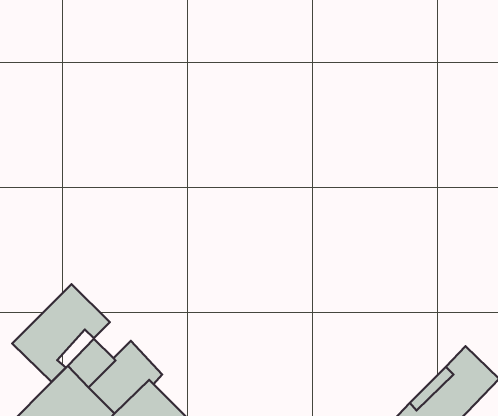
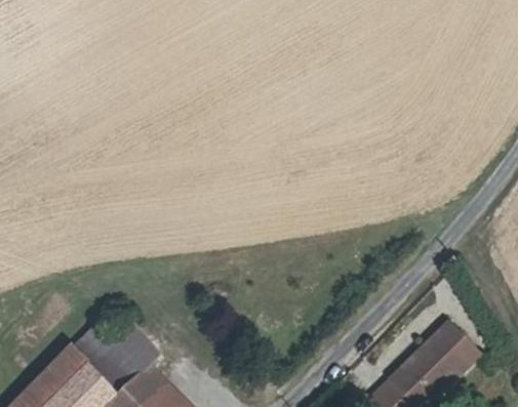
building: [12,284,110,382] -> none

